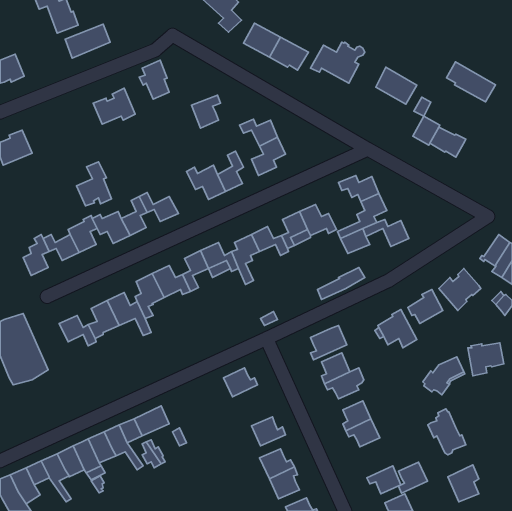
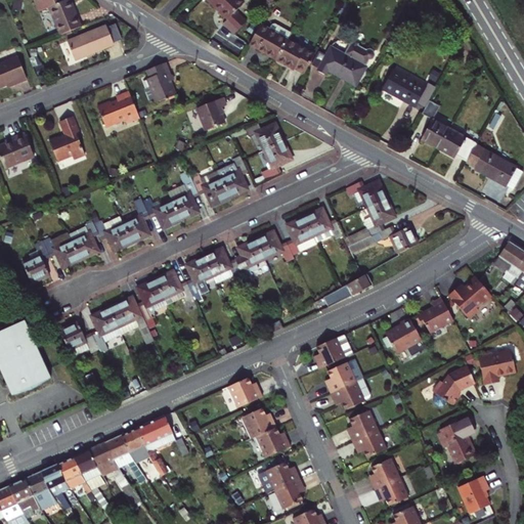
building: [446,62,496,102] -> [466,144,516,185]
building: [76,162,111,206] -> [48,117,84,162]
building: none -> [173,172,200,218]
building: none -> [243,406,278,437]
building: [398,462,427,493] -> [372,456,401,488]

